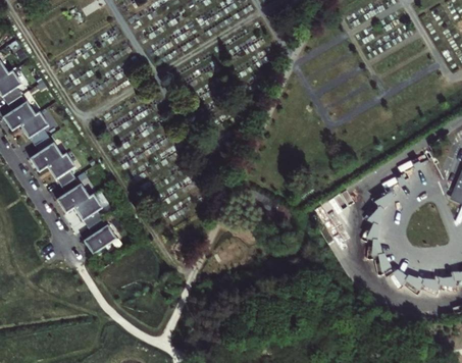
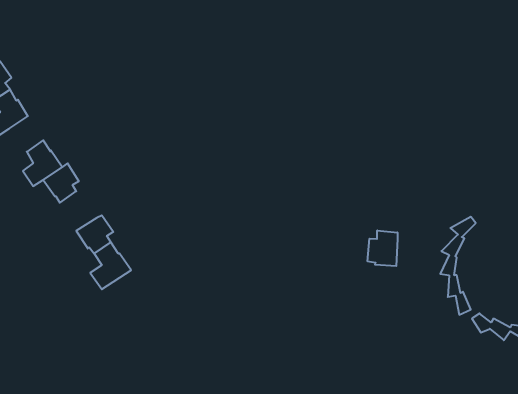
building: [19,111,48,143] -> none
building: [57,174,90,211] -> none
building: none -> [368,230,398,266]

